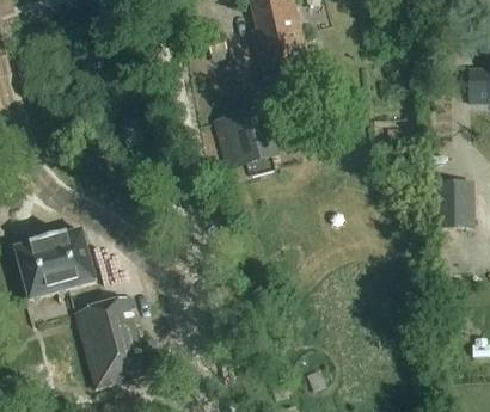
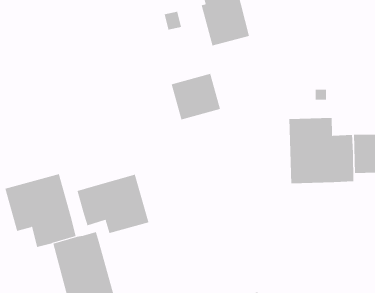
building: none -> [289,117,354,184]
building: none -> [77,174,149,234]

